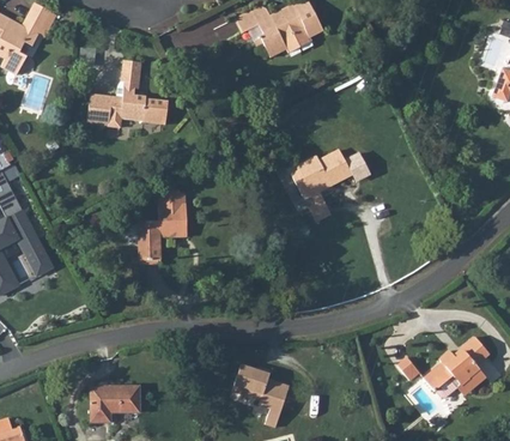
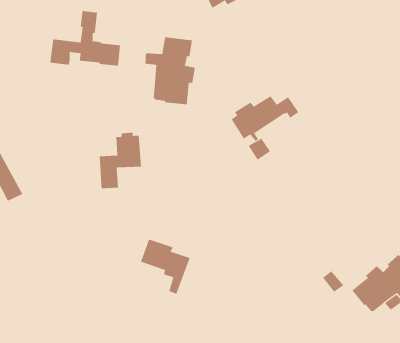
building: none -> [145,37,195,105]
building: [238,368,296,431] -> [140,239,190,294]
building: [91,388,141,424] -> none

